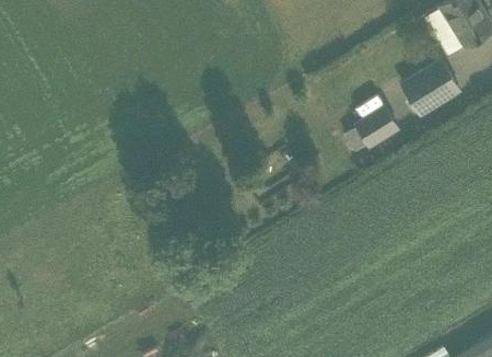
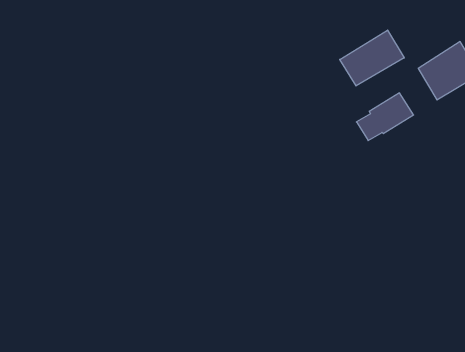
building: none -> [340,30,404,86]

